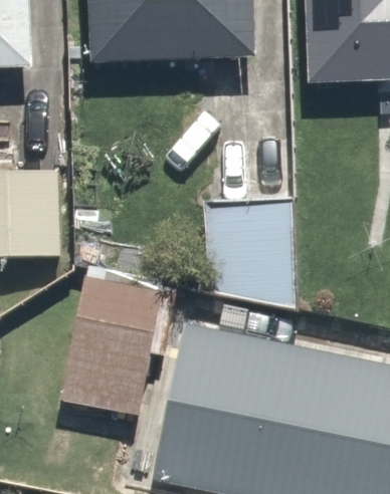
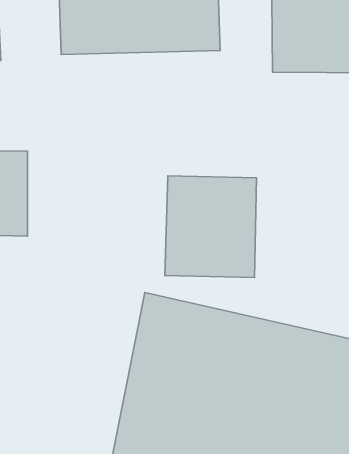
building: [54,260,170,421] -> none

